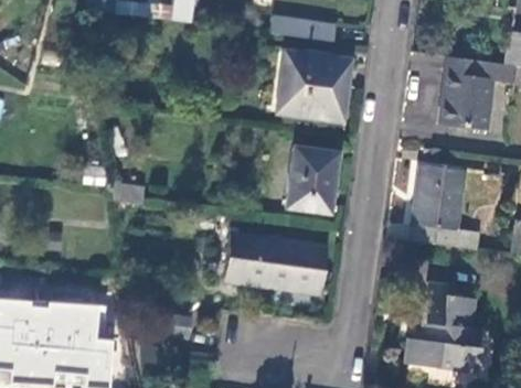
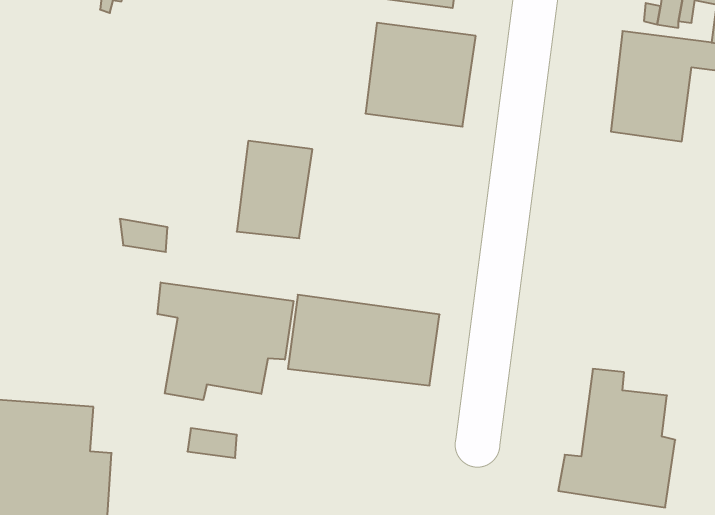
building: [287,147,338,212] -> [237,141,312,238]
building: [413,165,479,249] -> none
building: none -> [158,282,293,400]

